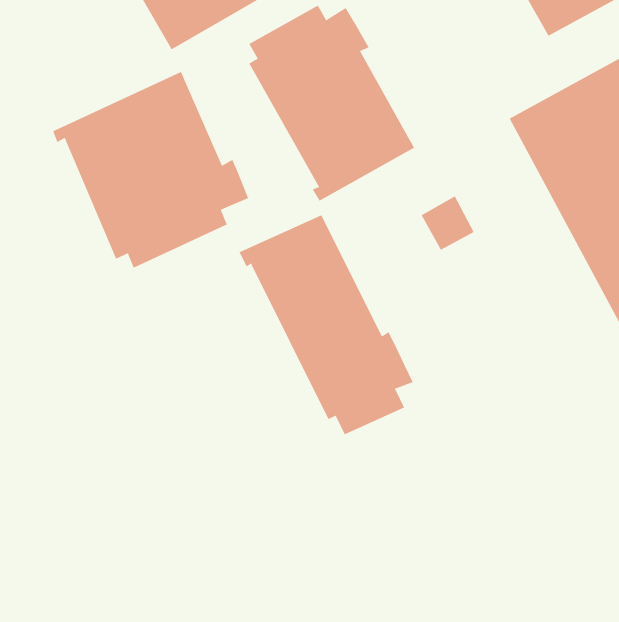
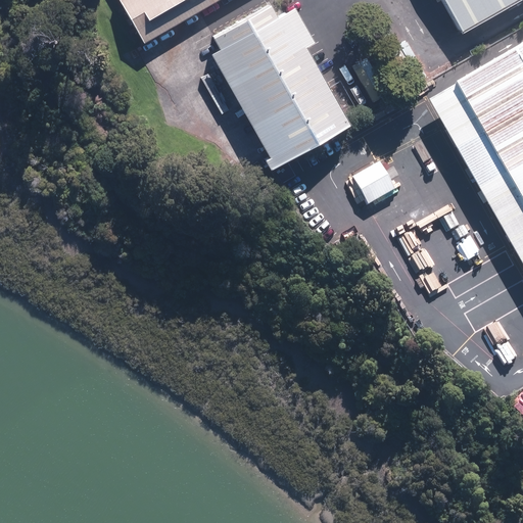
building: [52,71,249,269] -> none
building: [239,215,414,435] -> none

